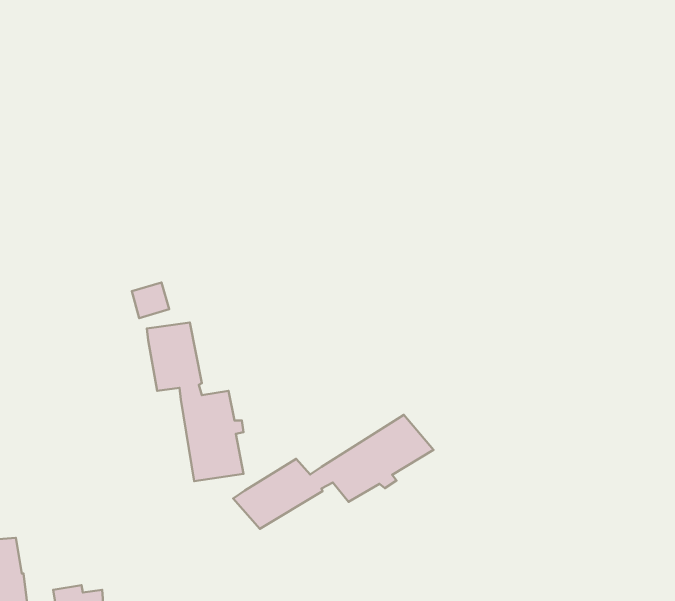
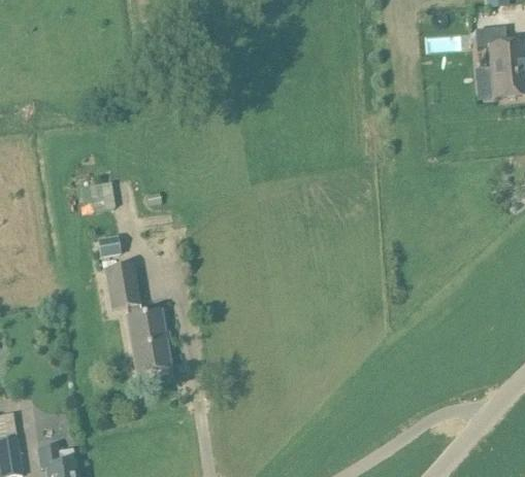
building: none -> [89,181,116,210]
building: [233,415,433,529] -> none

